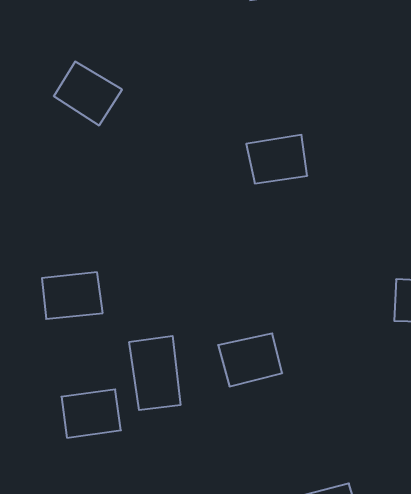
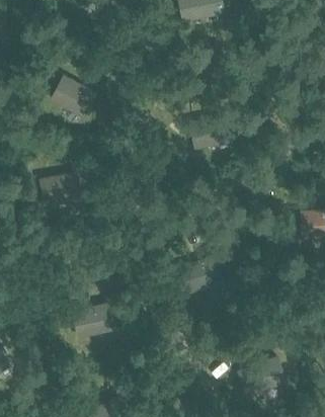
building: [42,272,103,319] -> [37,172,82,207]
building: [129,336,180,410] -> none

